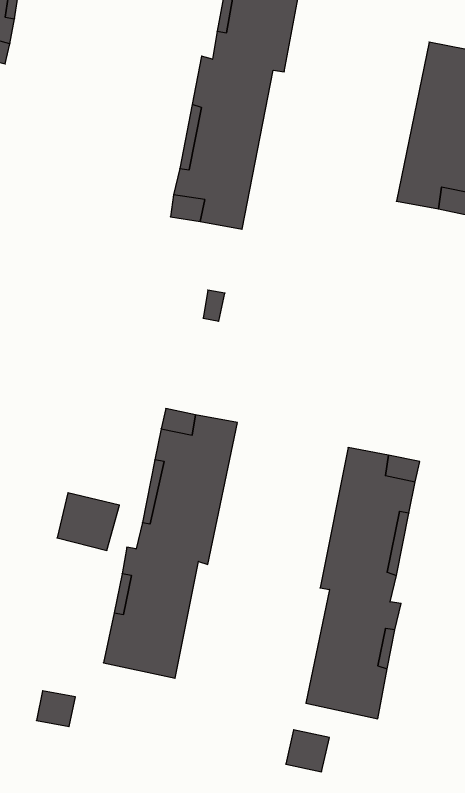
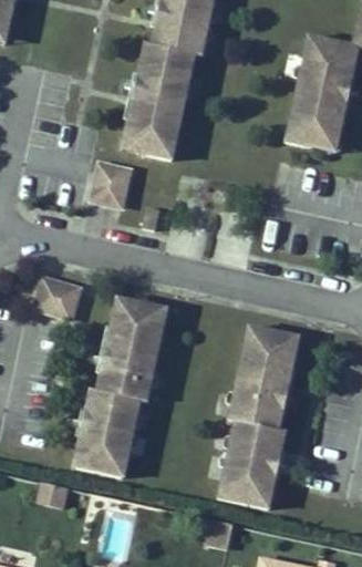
building: none -> [93,162,132,207]
building: [57,493,119,550] -> [39,280,83,321]

